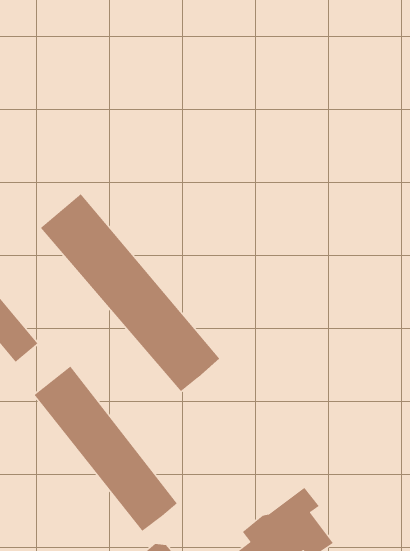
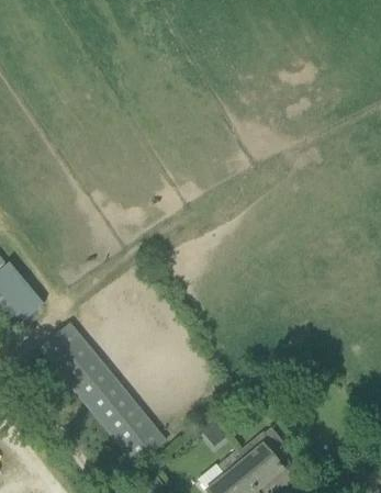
building: [40,193,220,392] -> none

